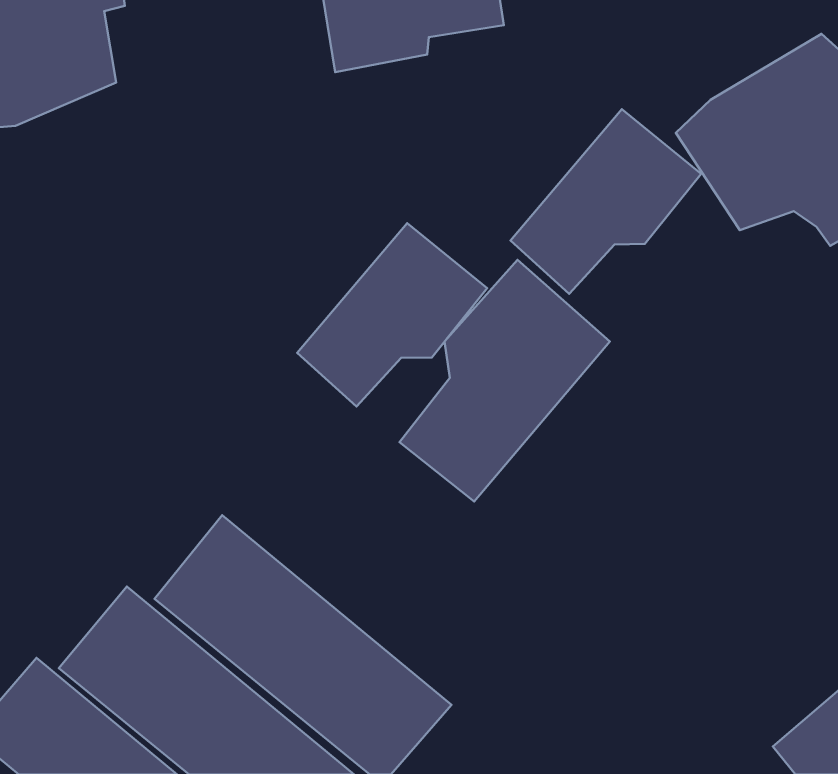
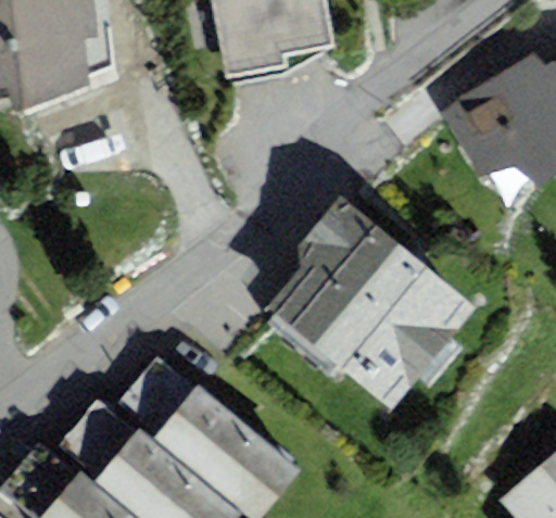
building: [511,109,701,294] -> none
building: [297,223,487,407] -> none
building: none -> [315,247,477,412]

